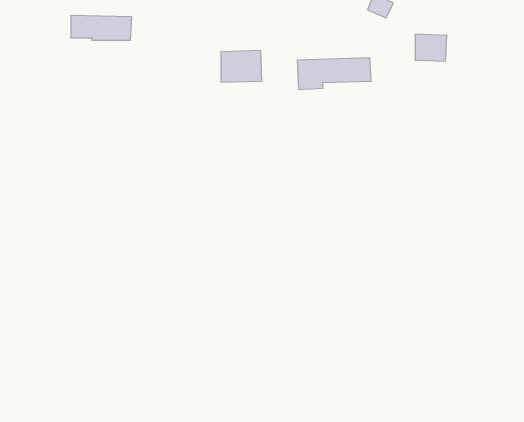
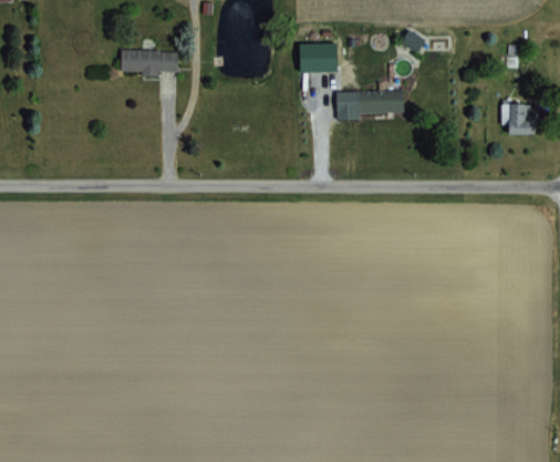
building: [415,34,447,61] -> [502,103,532,129]
building: [221,51,262,82] -> [301,42,340,72]

